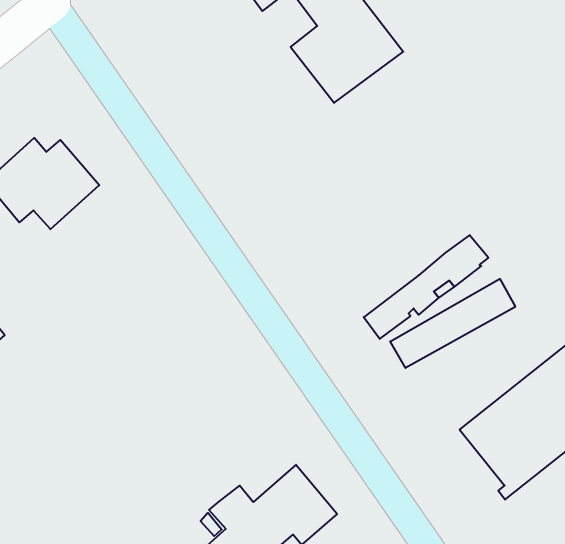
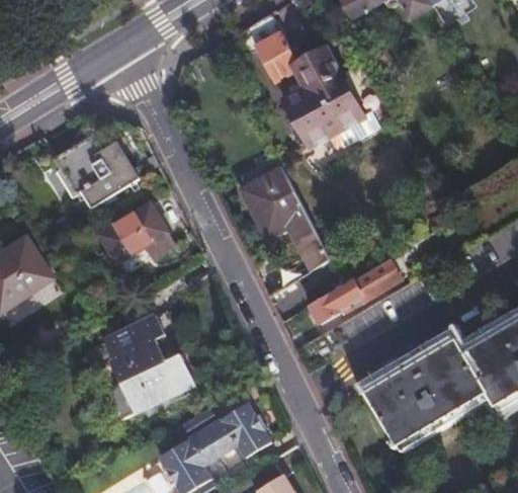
building: none -> [241,168,330,270]
building: none -> [101,206,175,265]
building: none -> [106,314,199,420]

